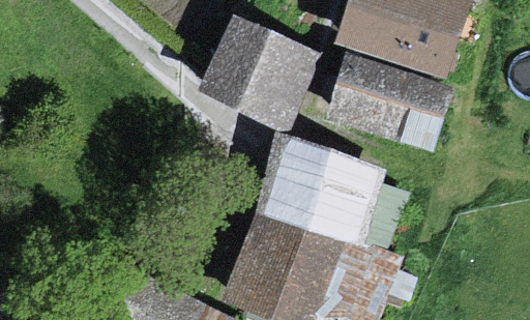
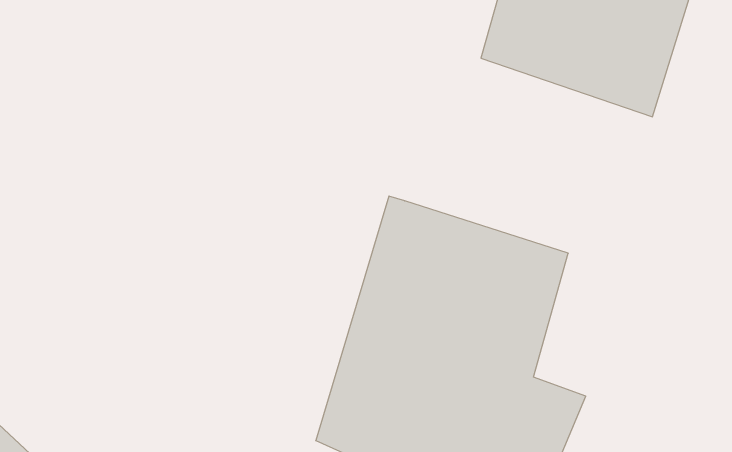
building: [201,14,321,138] -> none
building: [326,55,446,145] -> none

